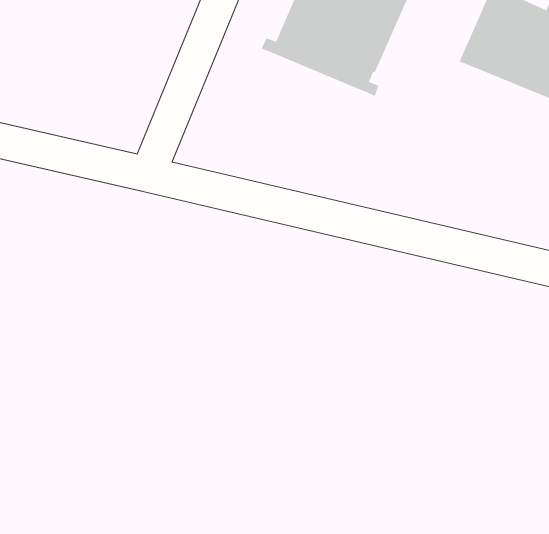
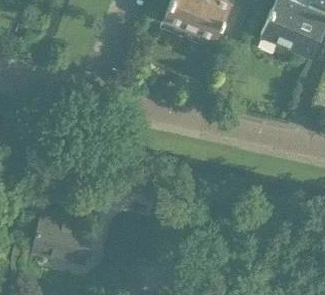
building: none -> [32,214,93,265]

